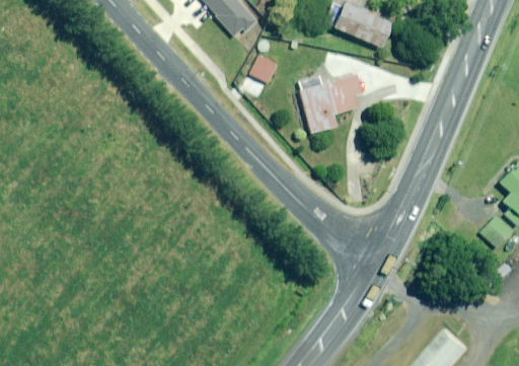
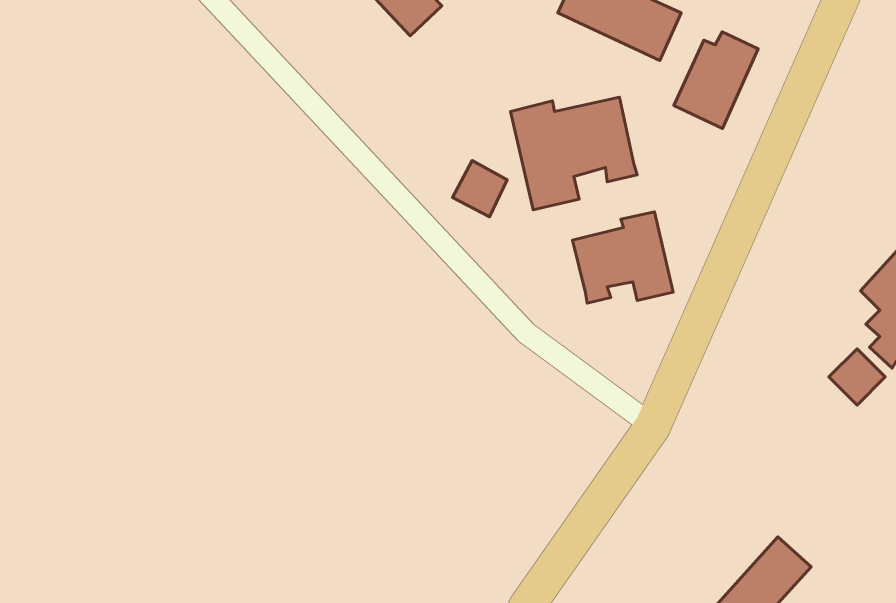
building: none -> [674,32,758,128]
building: [246,52,278,84] -> [453,161,507,217]
building: none -> [572,212,673,303]

